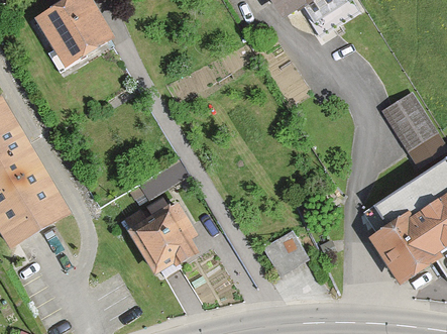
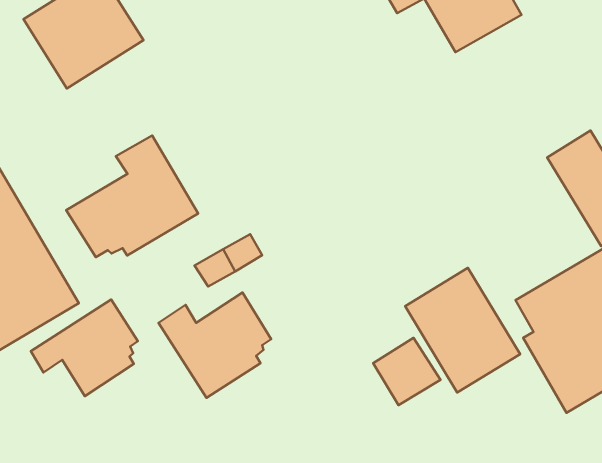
building: none -> [66,135,198,257]
building: none -> [405,268,520,392]
building: none -> [31,300,138,396]

